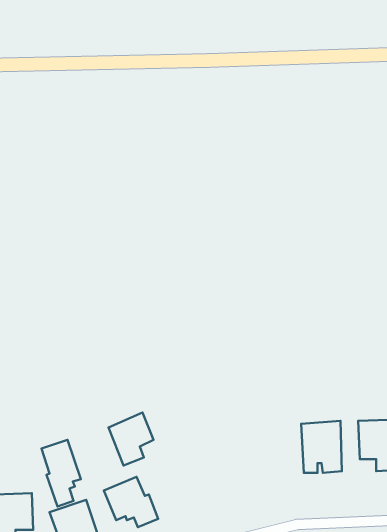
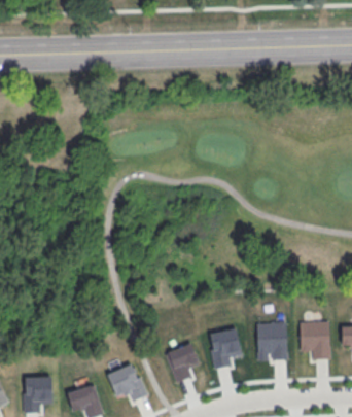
building: [108,412,153,466] -> [166,344,200,384]
building: none -> [211,329,242,370]
building: [41,440,81,507] -> none

